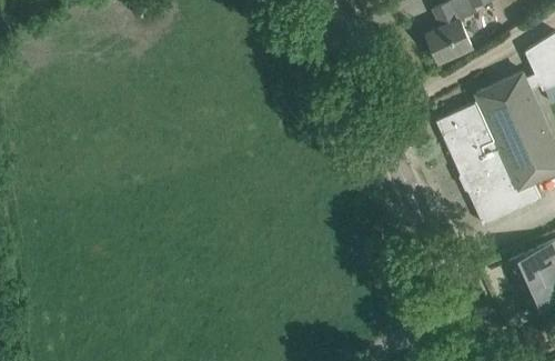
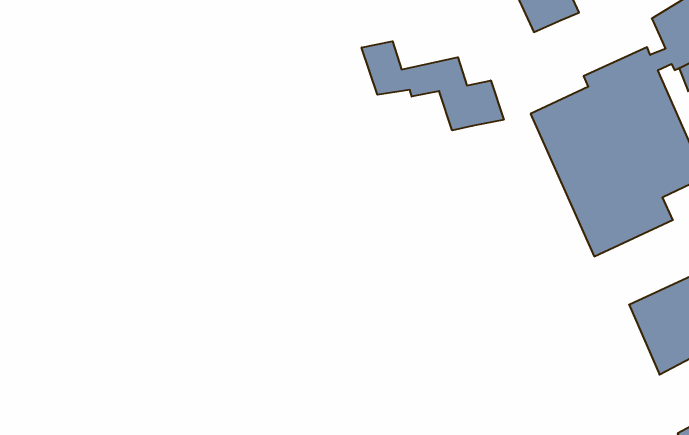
building: none -> [362,41,504,130]

